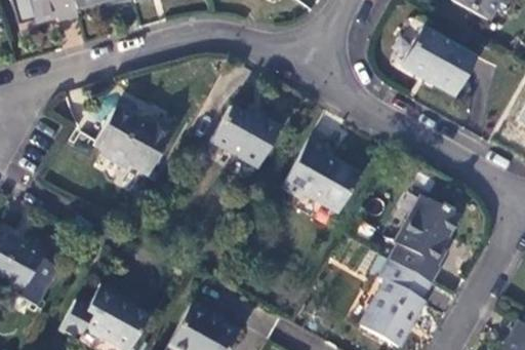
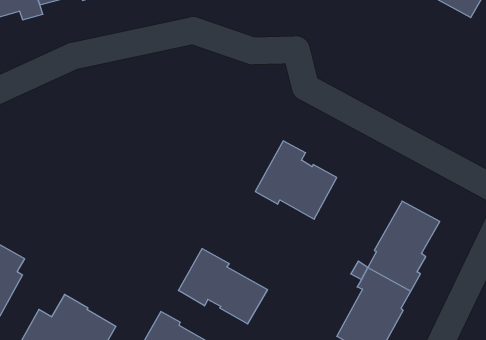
building: [400,27,476,95] -> none
building: [93,105,173,176] -> none
building: [209,106,280,167] -> none
building: none -> [178,249,268,324]

